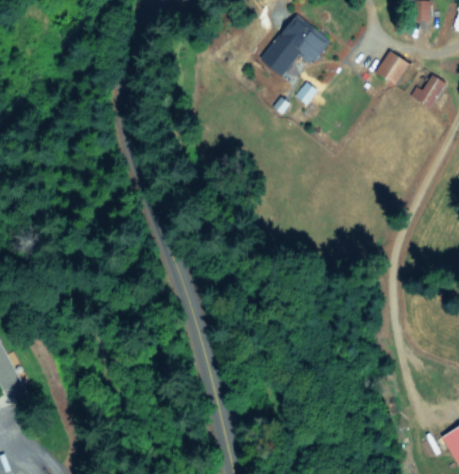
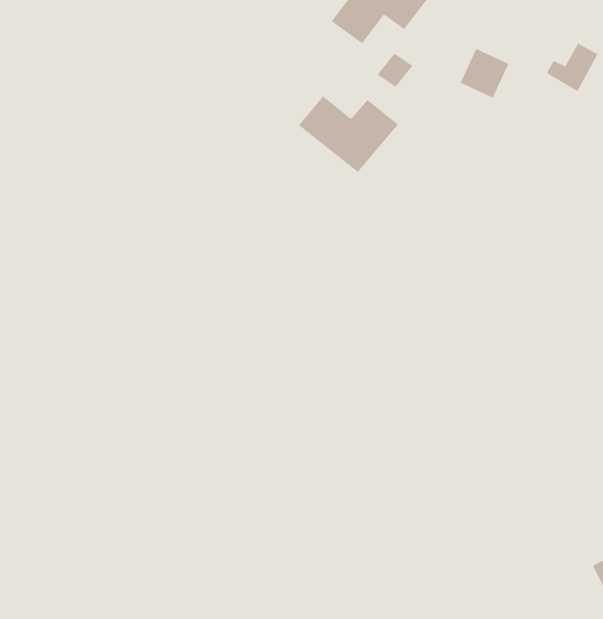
building: [376,50,410,85] -> [460,48,509,99]
building: none -> [298,95,399,173]

